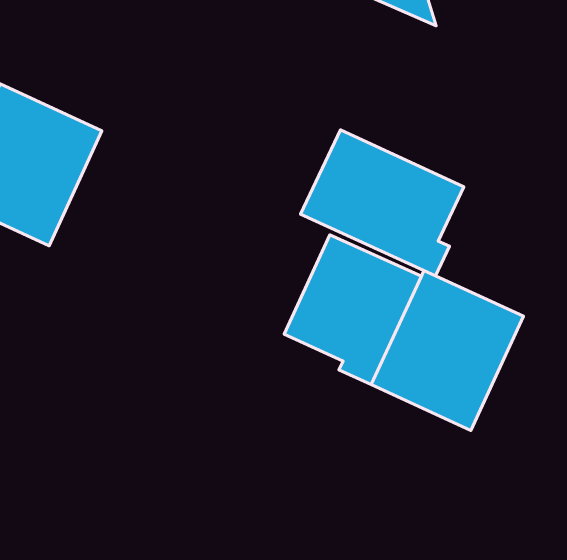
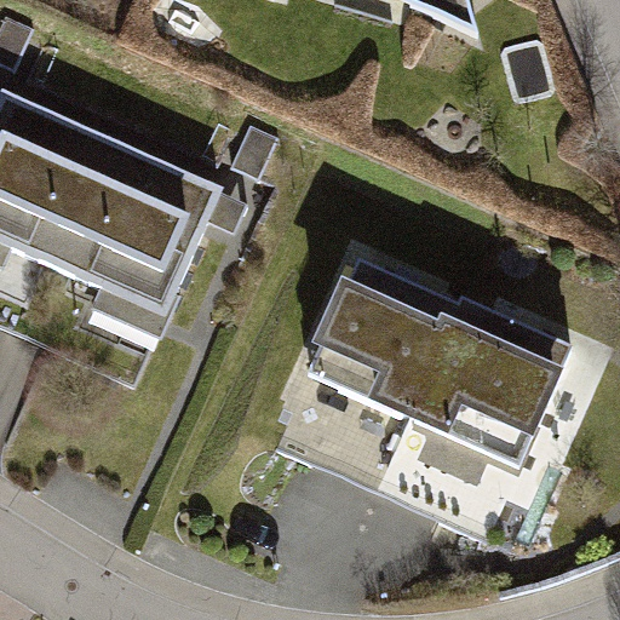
building: [301,130,464,276] -> none
building: none -> [53,142,222,320]

